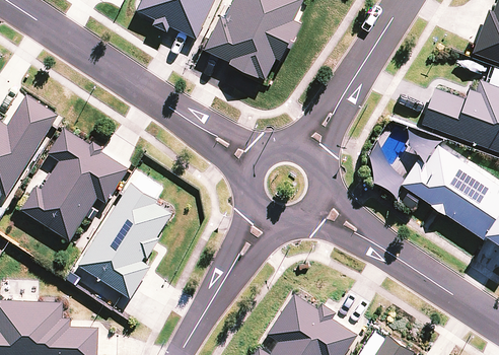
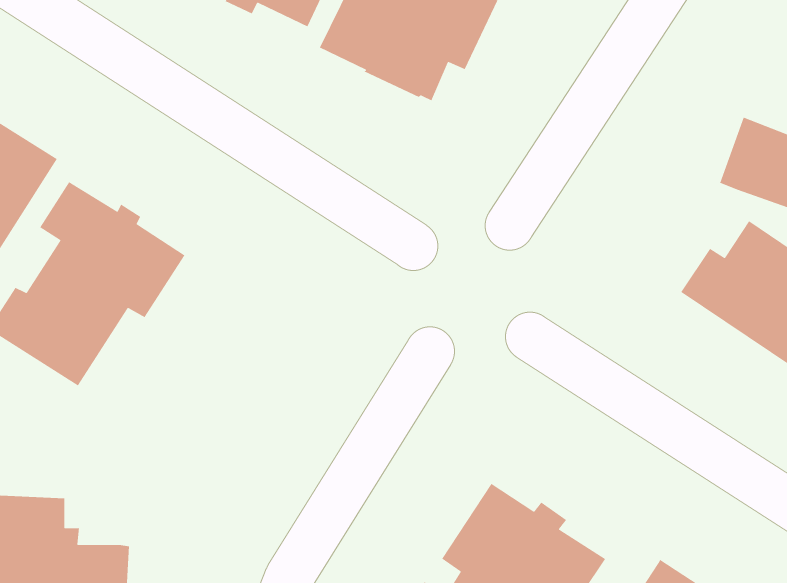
building: [80,179,173,293] -> none

